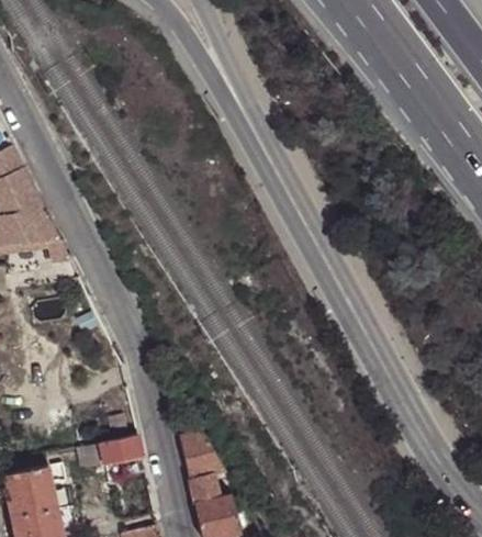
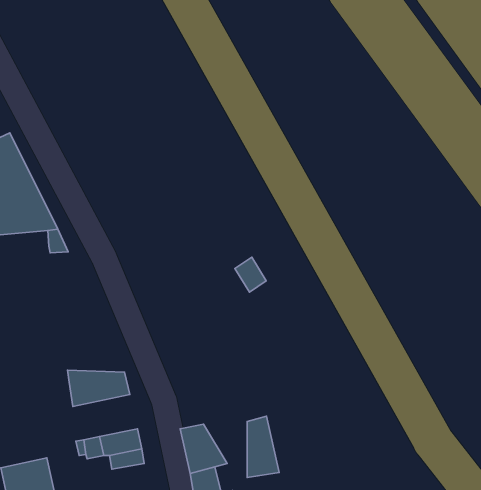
building: none -> [67,370,130,406]
building: none -> [247,416,279,477]

